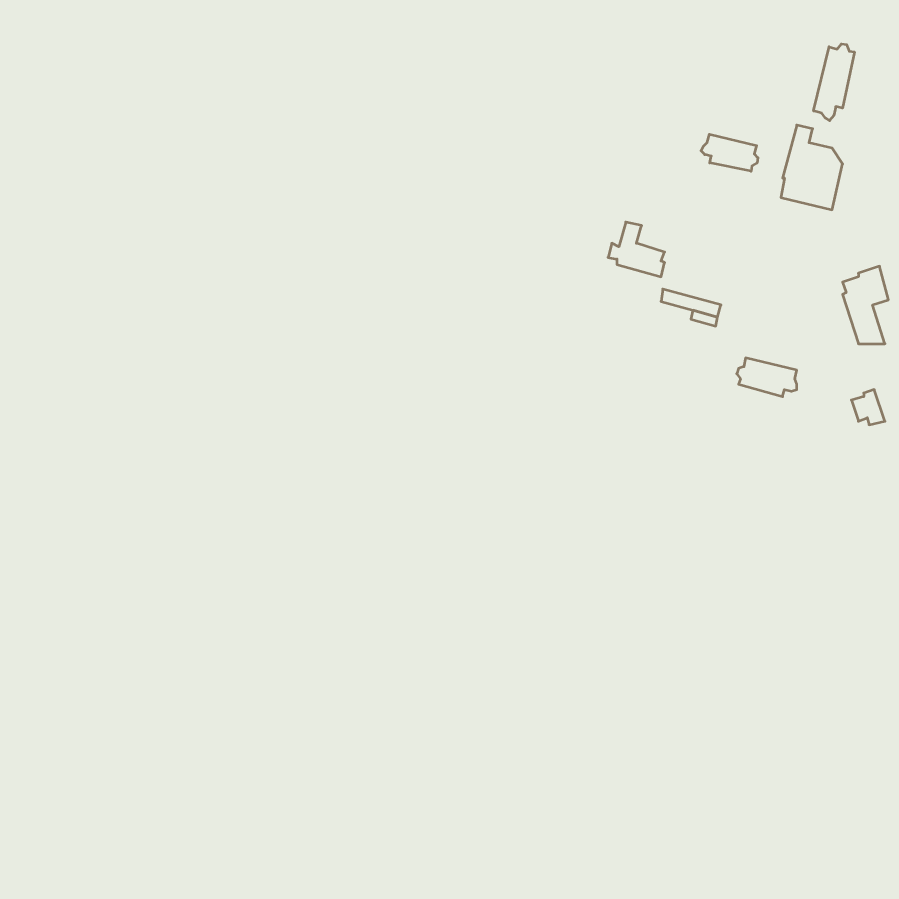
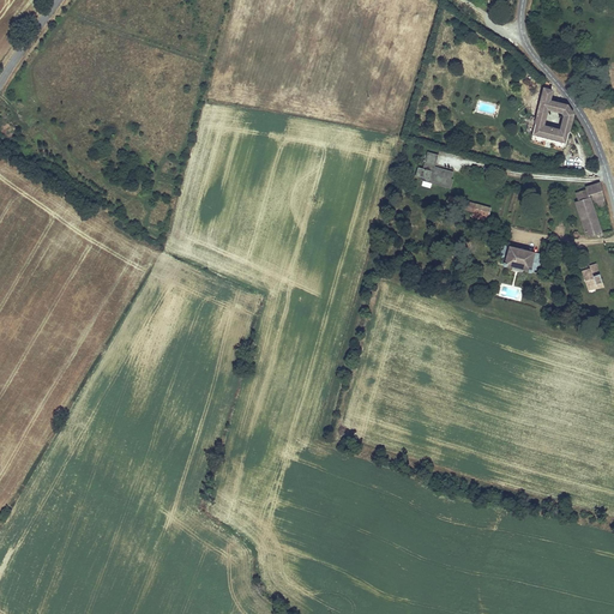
building: [814,44,854,121] -> none
building: [701,134,758,171] -> none

